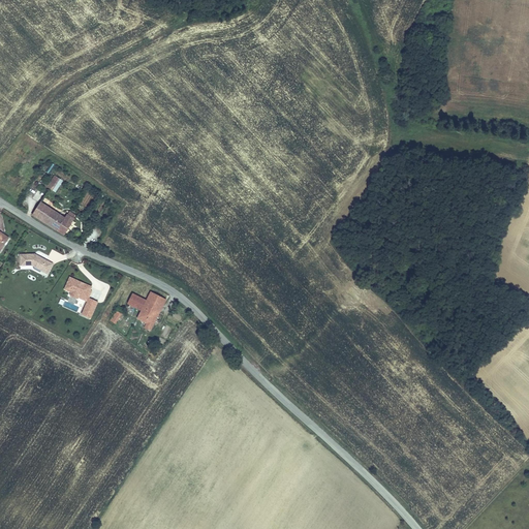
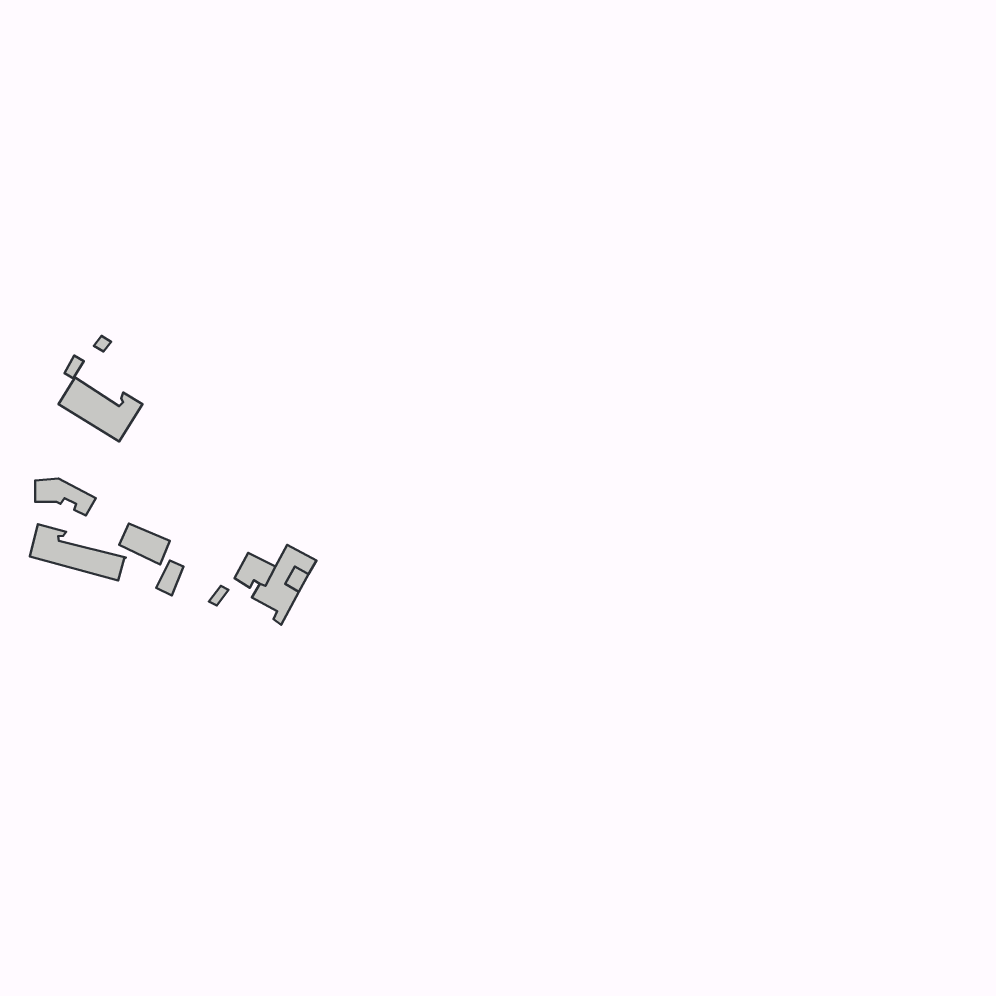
building: none -> [30,524,126,580]

